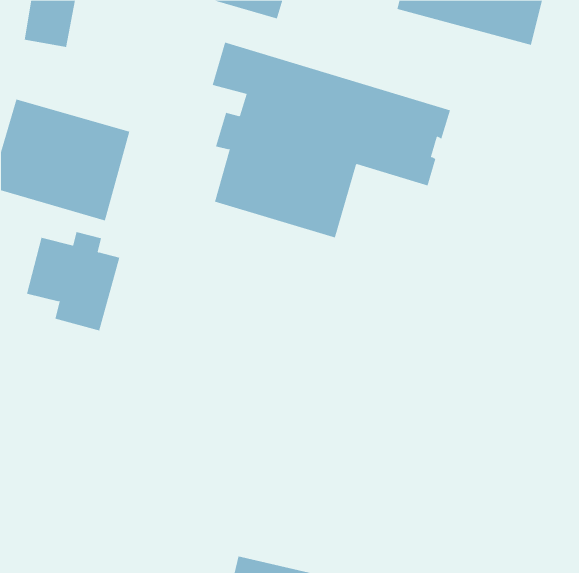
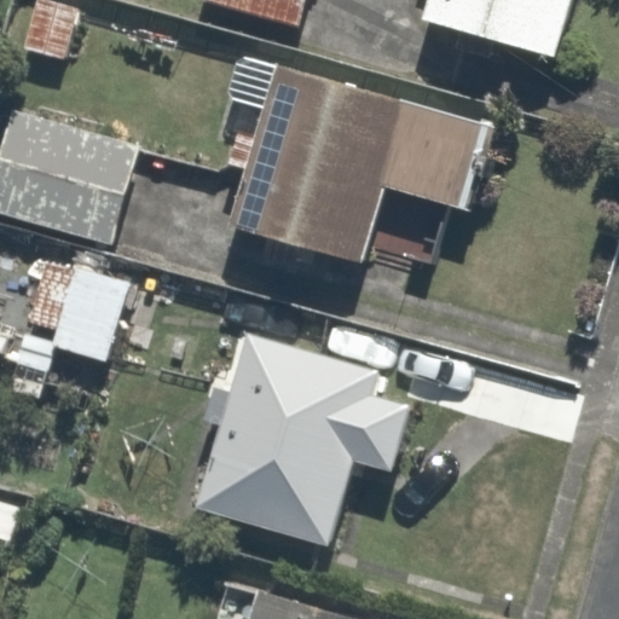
building: none -> [195,337,413,549]

